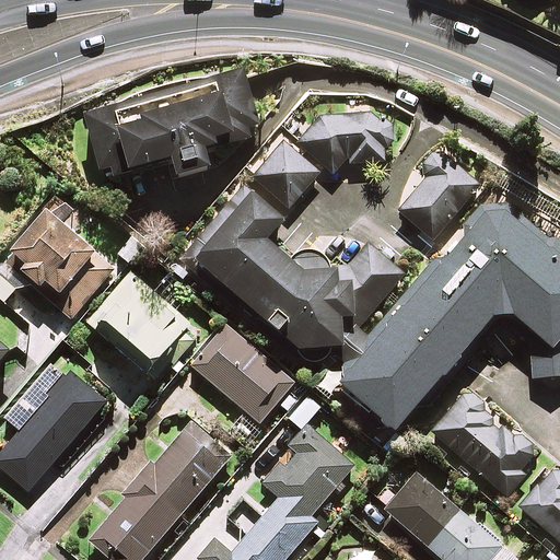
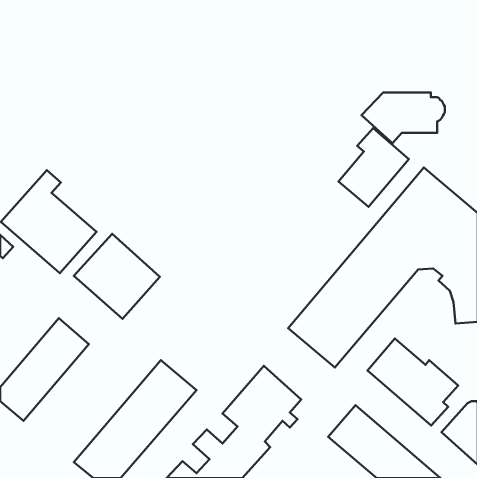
building: [83,70,257,179] -> none
building: [296,116,394,175] -> [362,93,445,143]
building: [253,143,318,209] -> none
building: [180,187,404,348] -> none
building: [190,325,294,424] -> none

